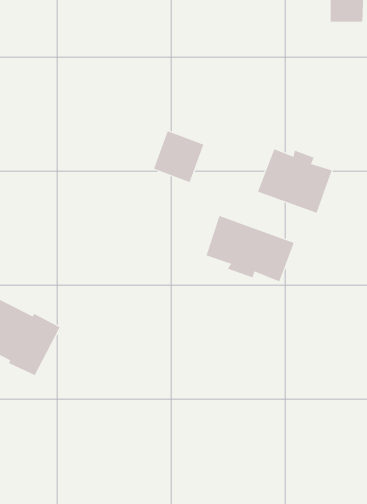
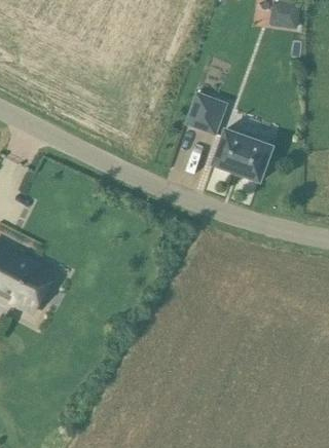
building: [153,131,204,183] -> [185,94,226,136]
building: [206,215,294,282] -> none

